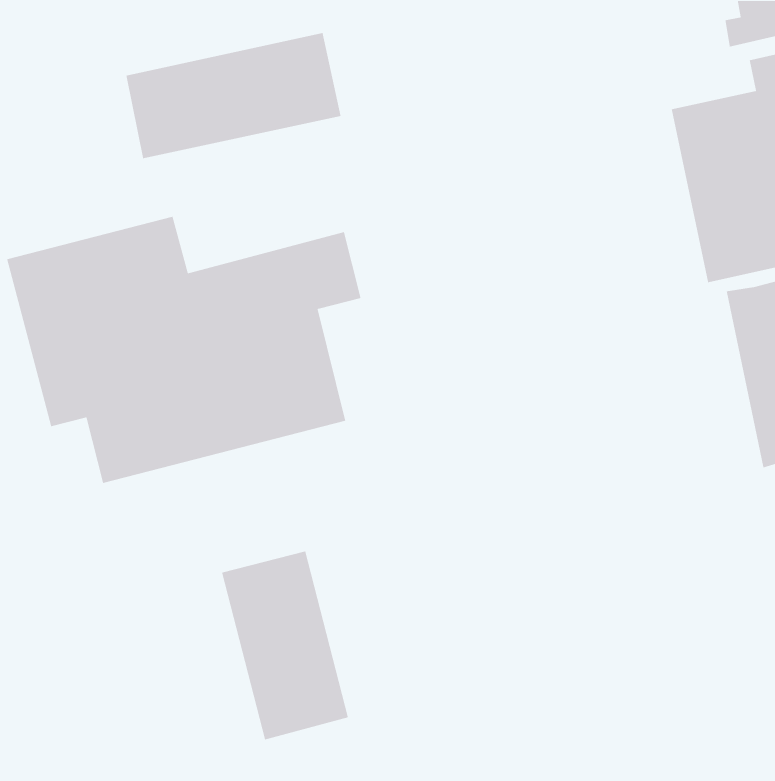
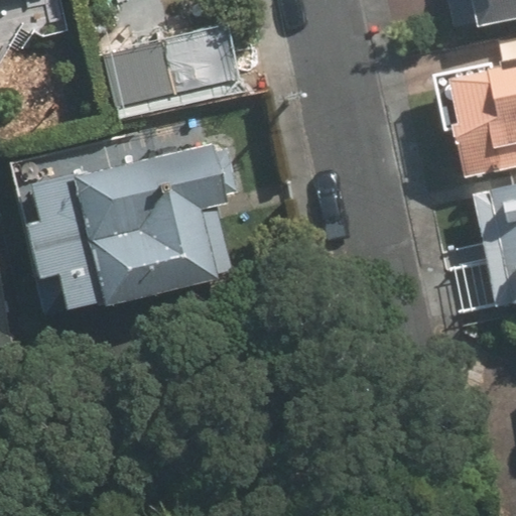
building: [221,550,349,741] -> none

